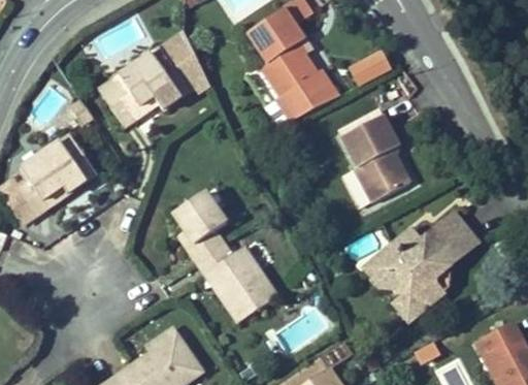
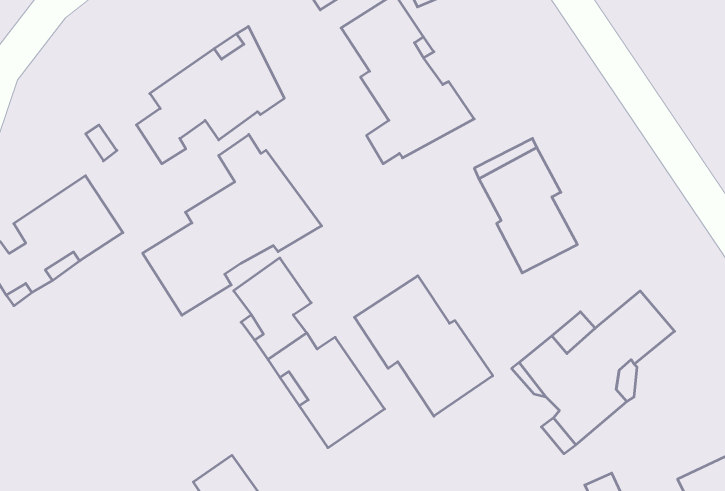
building: [349,49,392,83] -> none
building: none -> [143,134,322,315]
building: none -> [354,276,493,416]

